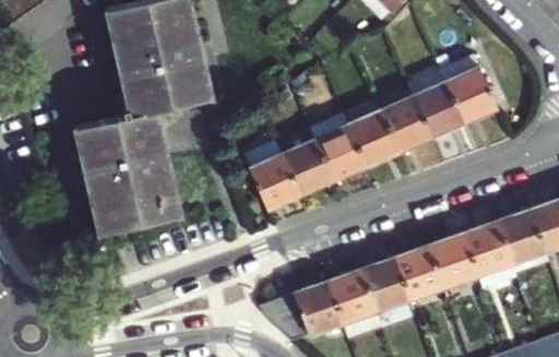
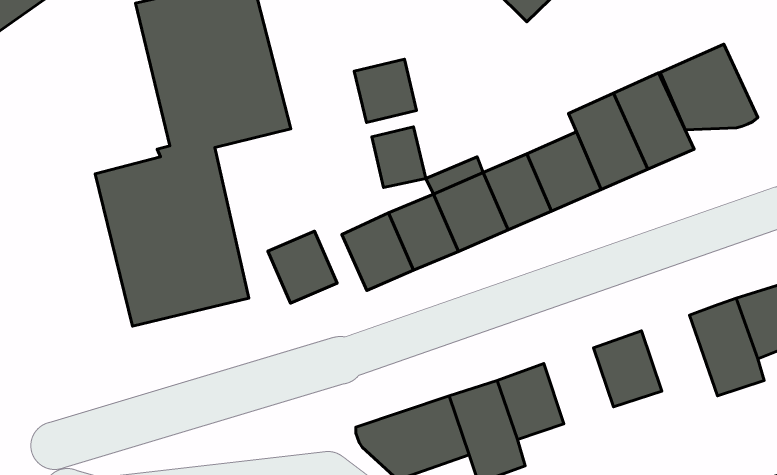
building: none -> [660,44,758,130]
building: none -> [354,59,417,123]
building: none -> [372,127,426,187]
building: none -> [268,231,337,303]
building: [461,224,514,293] -> none
building: [392,247,441,300] -> none

